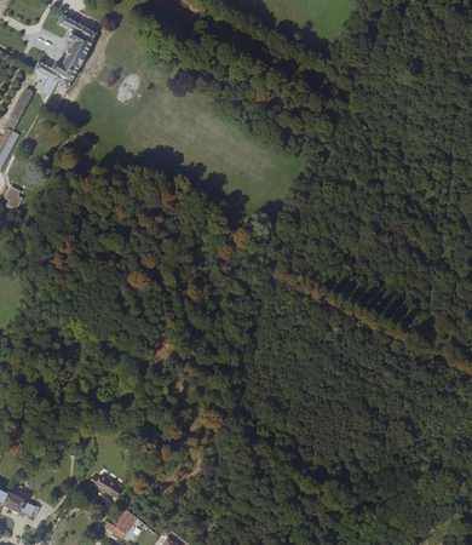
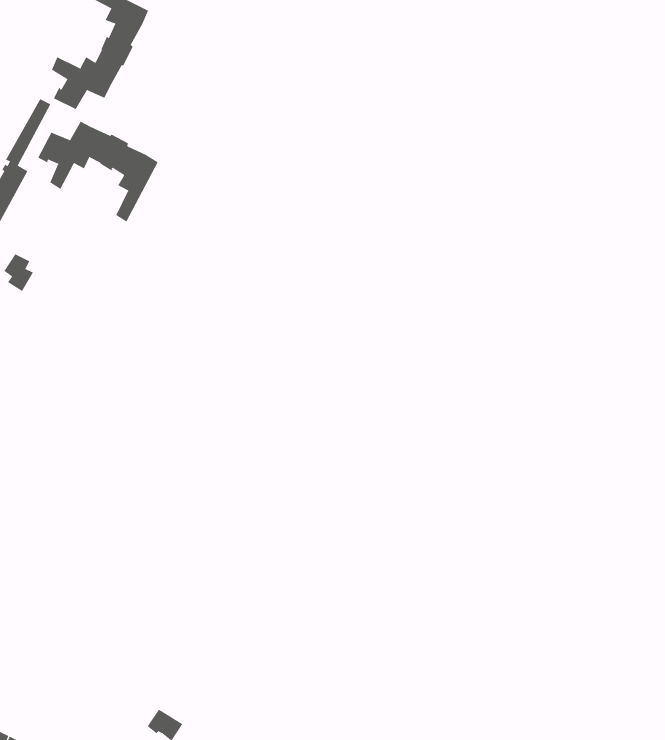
building: none -> [37,121,158,222]

